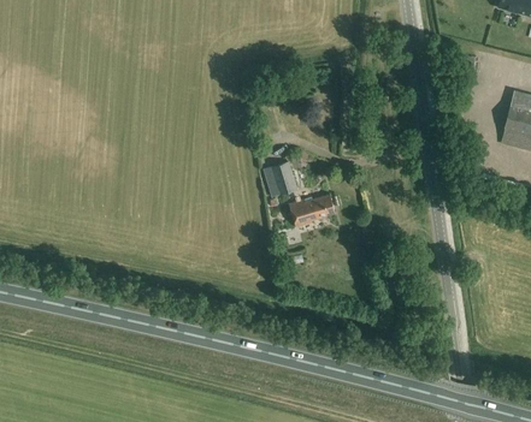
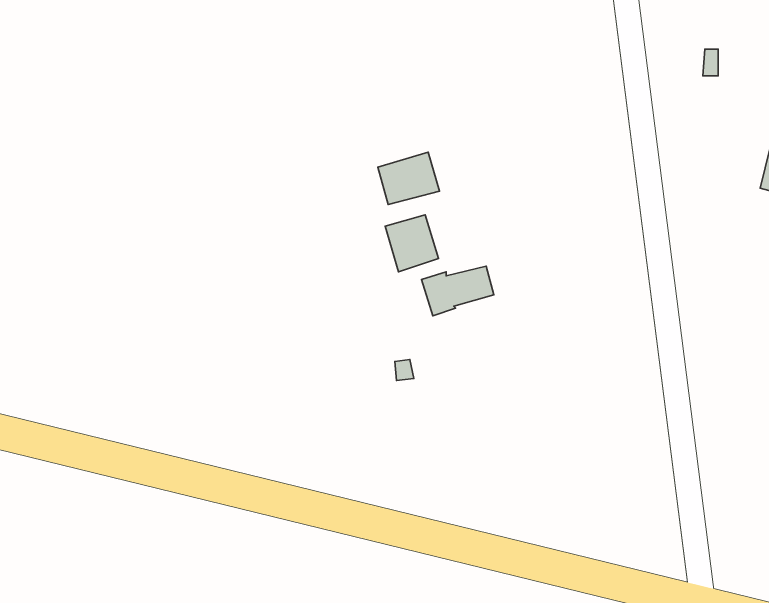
building: none -> [378,152,439,205]

